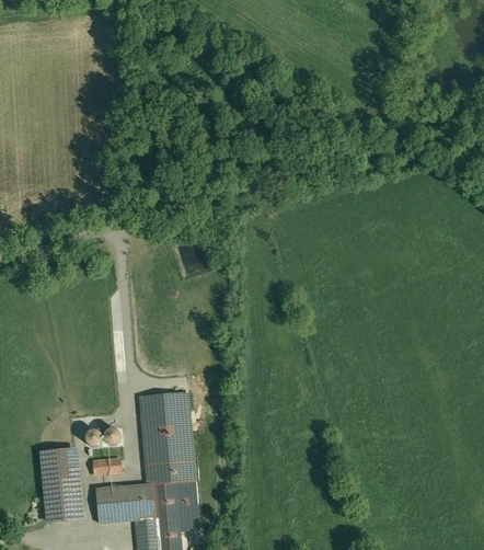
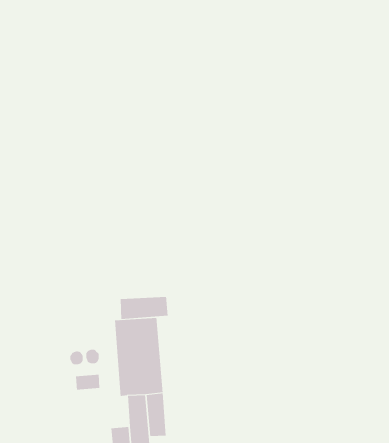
building: none -> [120,296,168,320]
building: [38,447,83,523] -> none
building: [96,482,155,523] -> none

